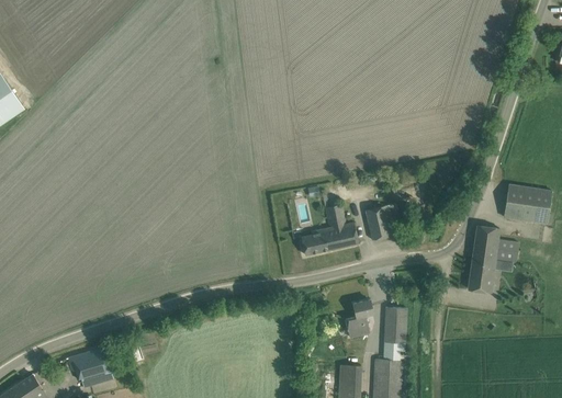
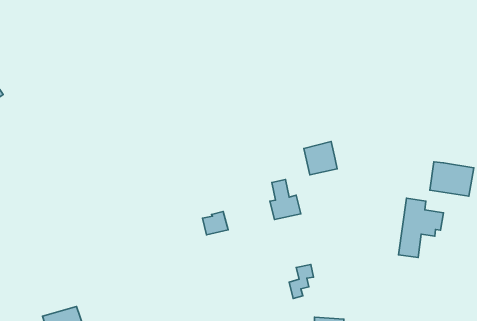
building: [364,203,402,240] -> [304,142,337,175]
building: [300,229,328,255] -> [203,211,228,235]
building: [383,307,406,343] -> none

